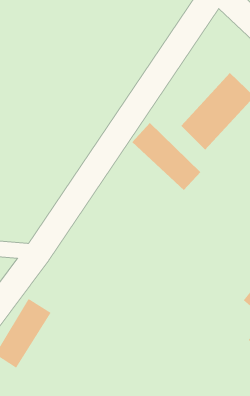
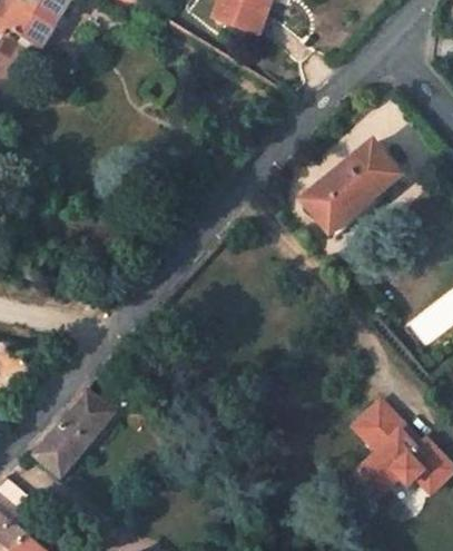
building: [132,122,201,191] -> none

